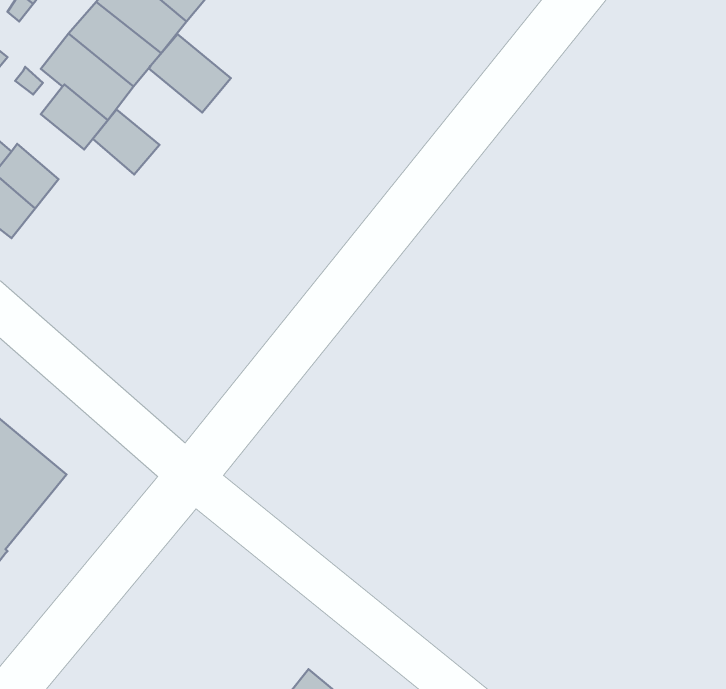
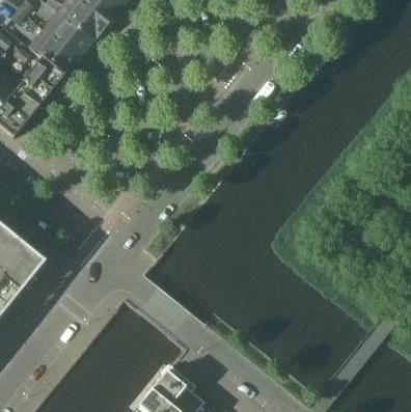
building: [149,34,231,112] -> none
building: [93,109,160,174] -> [17,73,52,107]

